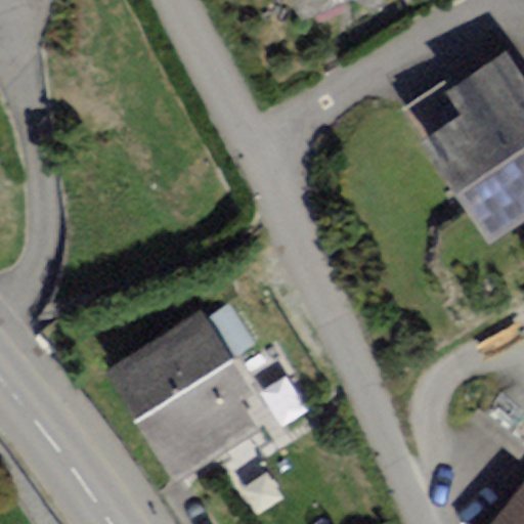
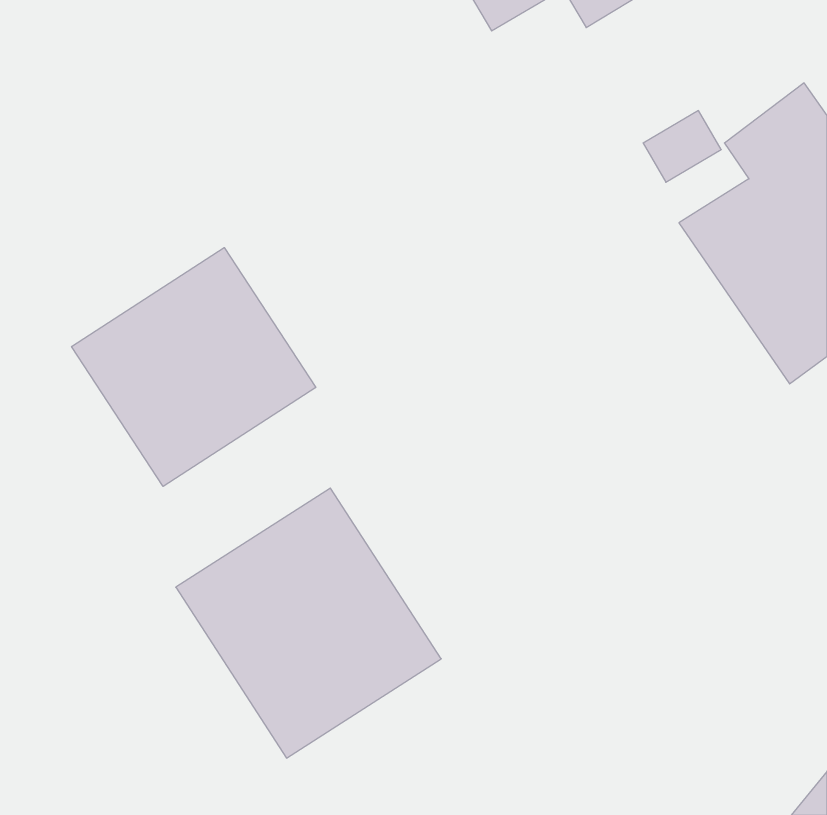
building: none -> [72,248,316,486]

